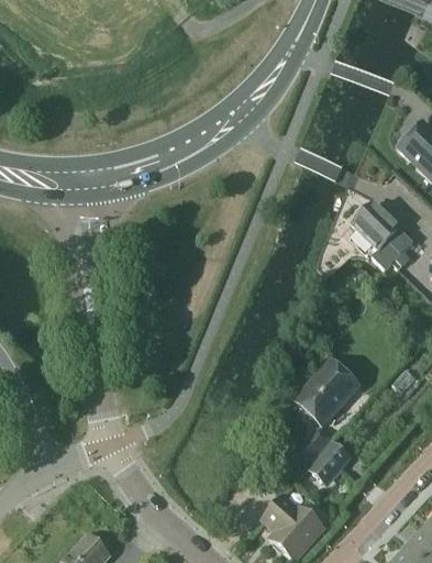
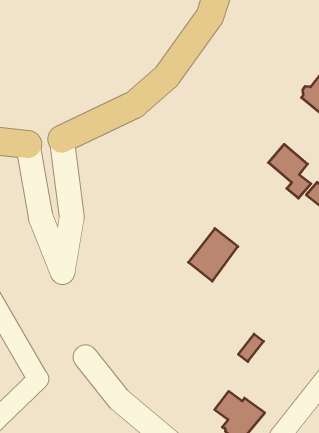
building: [297,362,358,426] -> [188,228,238,281]
building: [310,443,351,481] -> none

